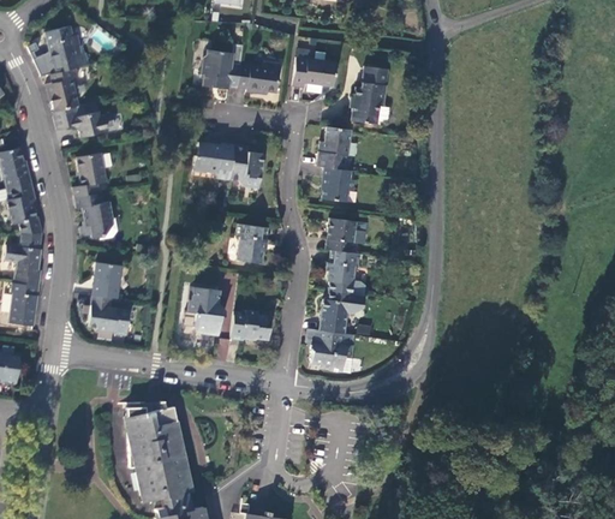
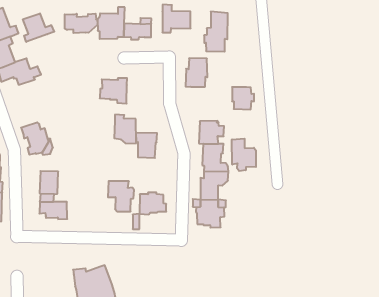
building: none -> [23,13,54,42]
building: none -> [65,14,98,33]
building: [229,144,263,189] -> [114,115,136,143]
building: [73,153,106,197] -> none
building: [321,167,353,202] -> [232,87,254,109]
building: none -> [232,139,256,171]

